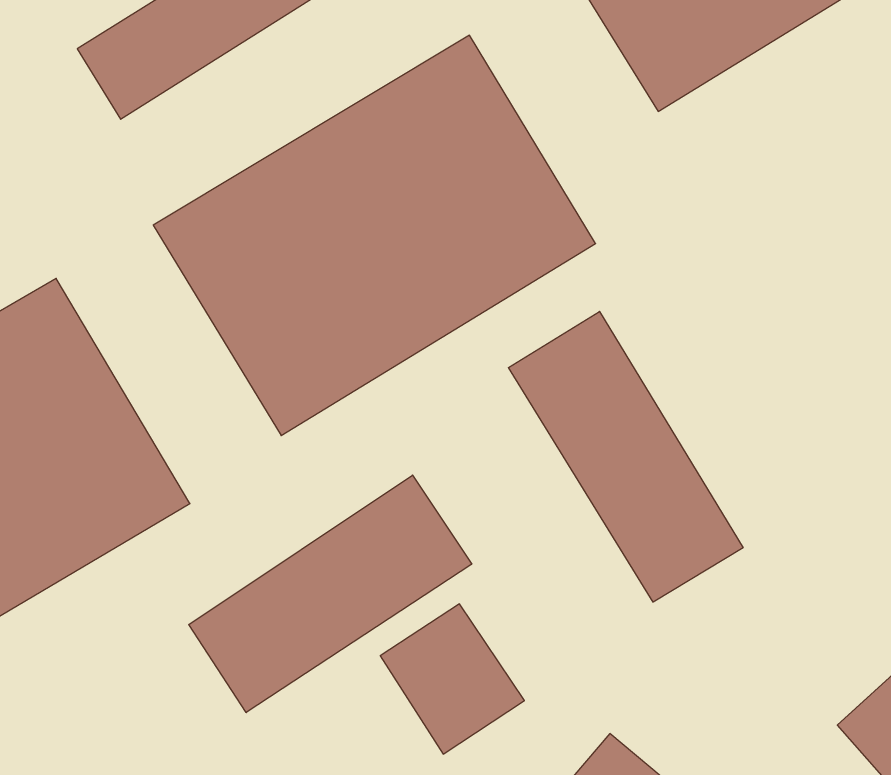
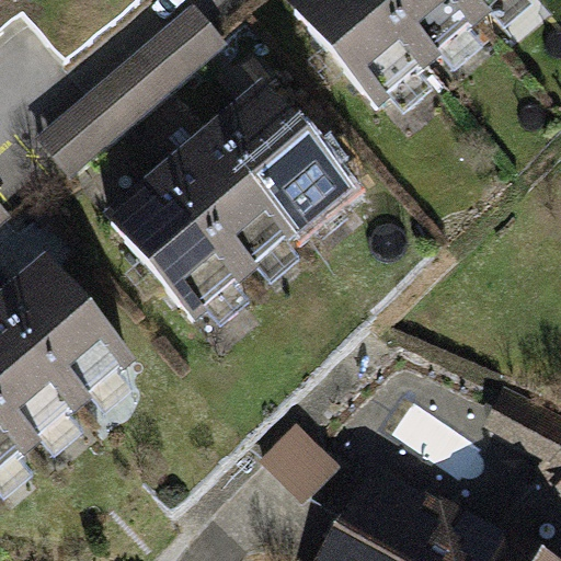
building: [508,311,743,602] -> none
building: [189,475,472,713] -> none

